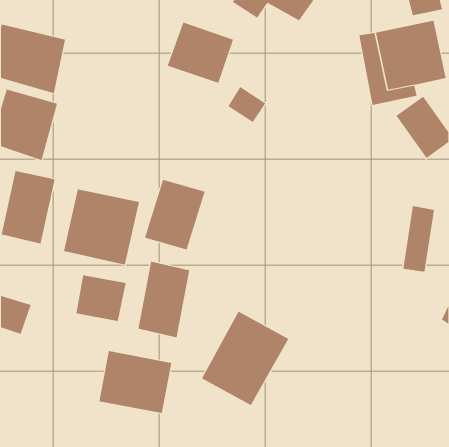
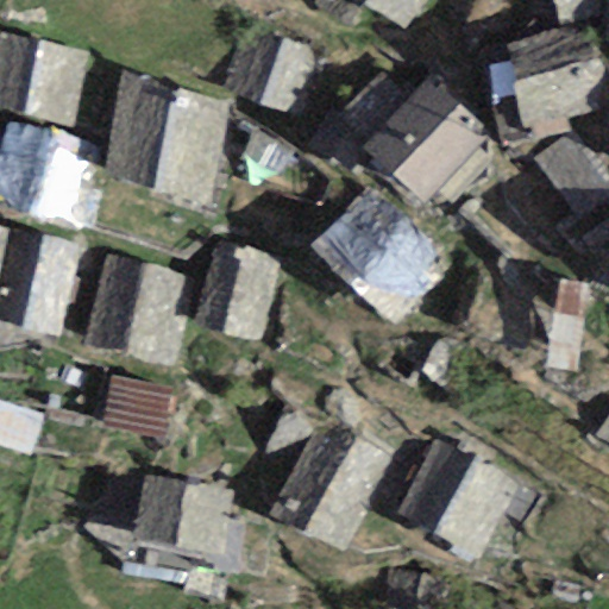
building: none -> [339,75,489,202]
building: none -> [102,80,226,203]
building: none -> [309,186,438,321]
building: [138,261,190,338] -> none
building: none -> [397,435,516,553]

